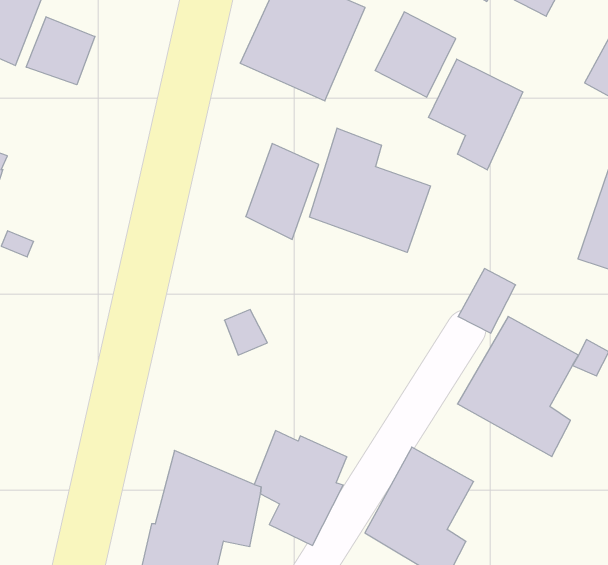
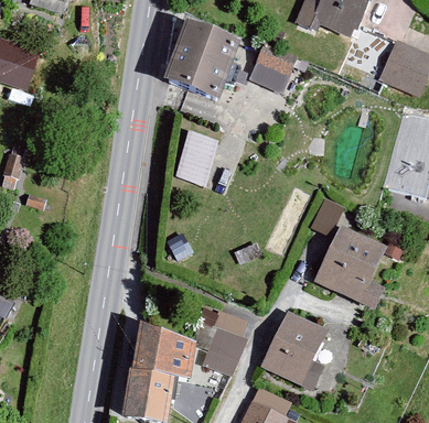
building: [26,17,95,85] -> none
building: [429,59,523,170] -> none
building: [309,128,430,252] -> none

